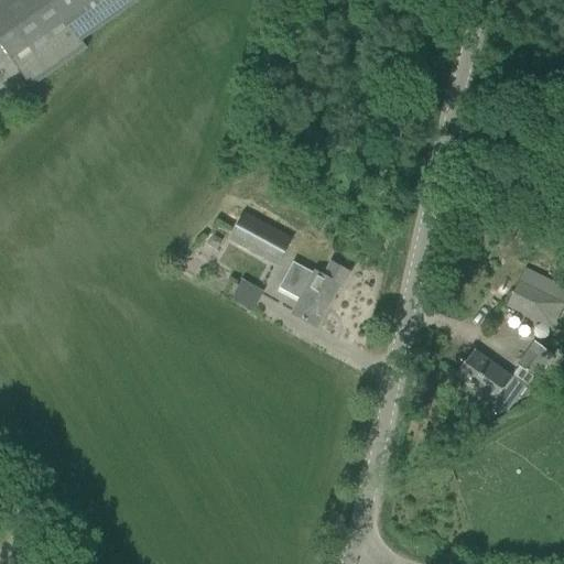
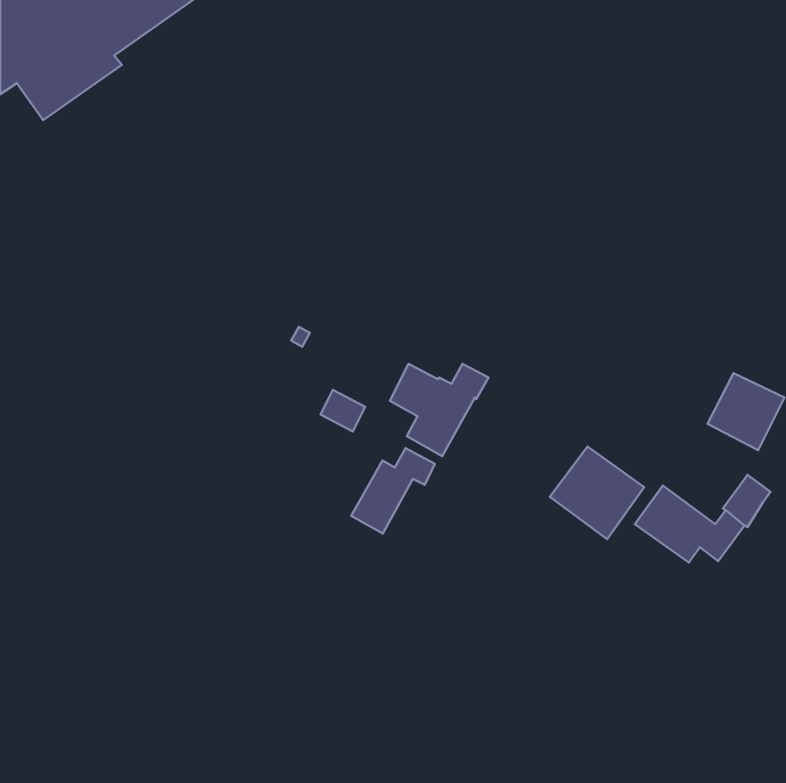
building: [229,214,291,267] -> none
building: none -> [550,447,644,539]
building: none -> [351,448,435,533]

